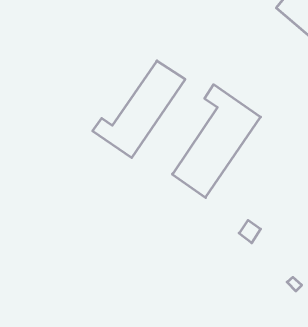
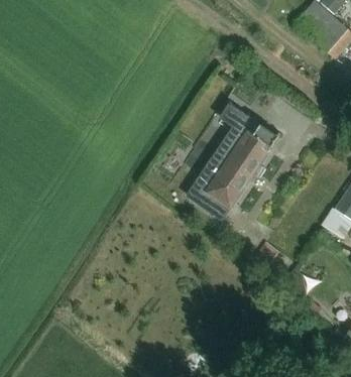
building: [93,61,185,158] -> none

